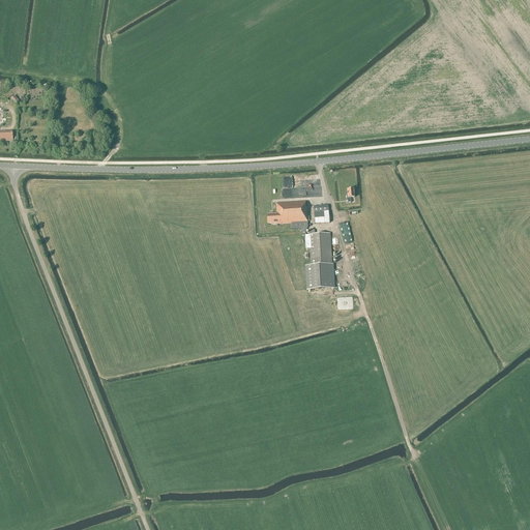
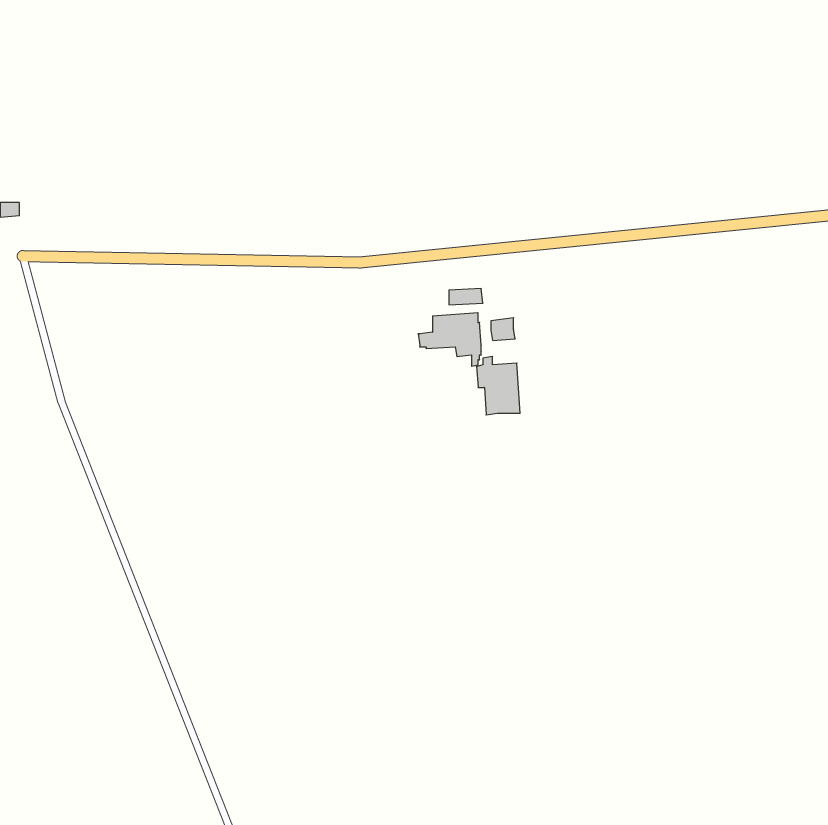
building: [306,264,333,288] -> none

